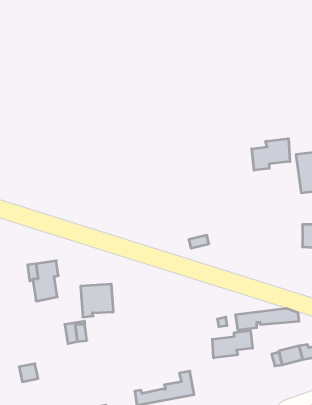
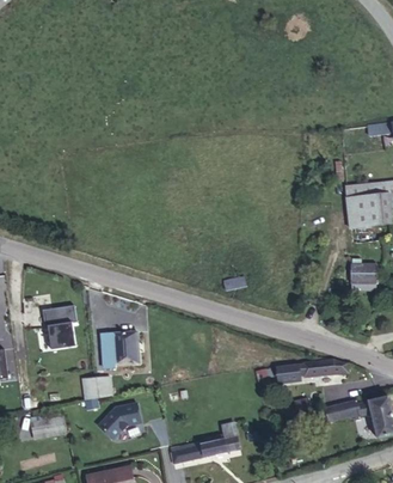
building: [252,139,290,170] -> none
building: [212,330,252,358] -> none
building: none -> [98,403,140,439]

